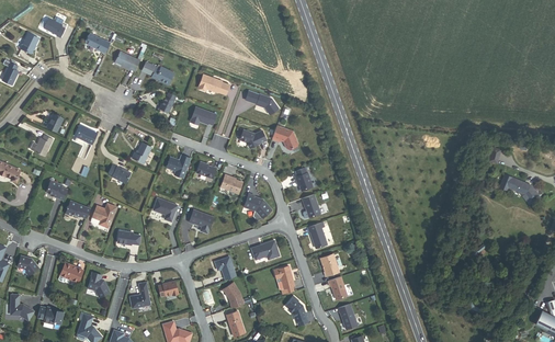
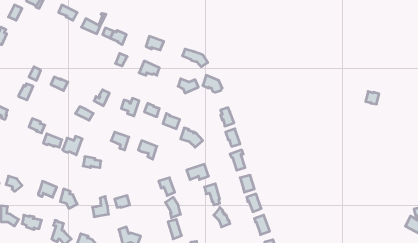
building: [500,173,540,202] -> none

